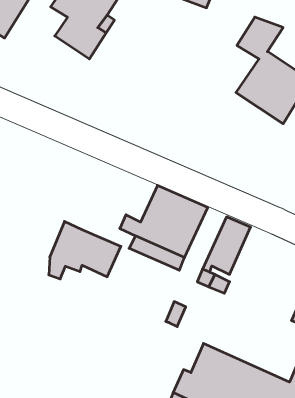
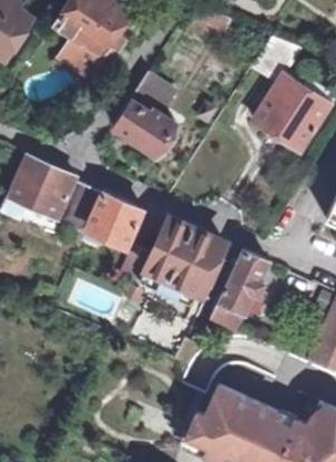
building: none -> [113,75,177,156]
building: none -> [8,154,77,217]
building: [49,221,121,279] -> [69,185,145,246]

